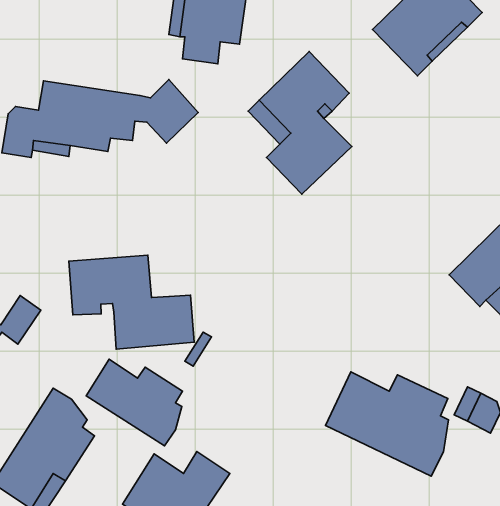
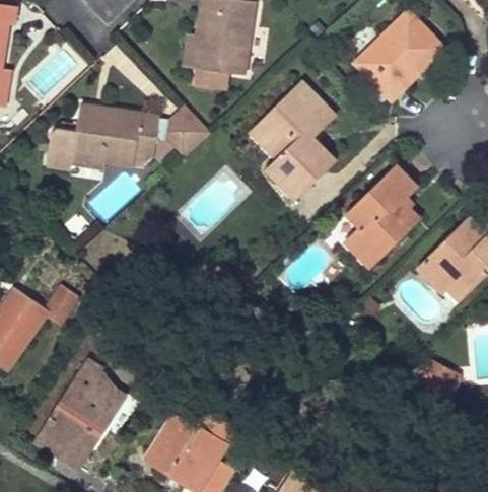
building: none -> [345,165,420,268]
building: [69,255,194,349] -> none
building: [86,359,182,446] -> none
building: [326,372,449,476] -> none

